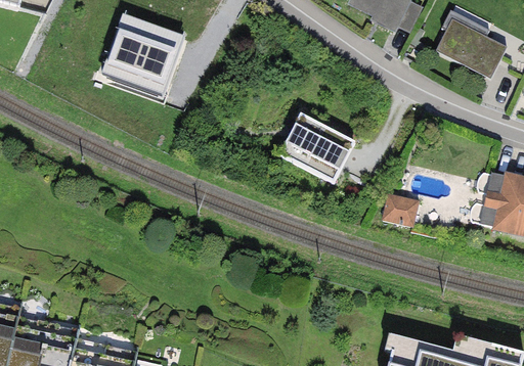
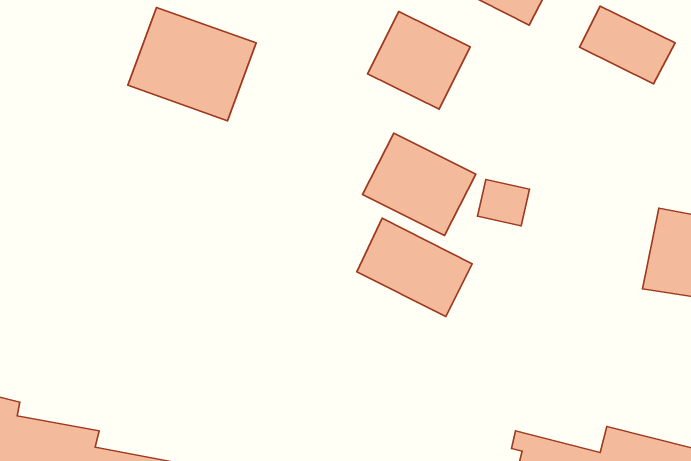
building: none -> [368,12,470,109]
building: none -> [357,218,472,316]
building: [384,192,423,227] -> [478,179,529,226]

